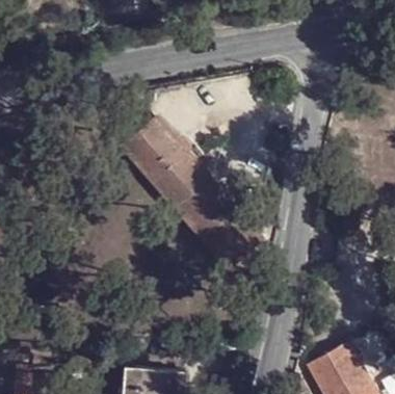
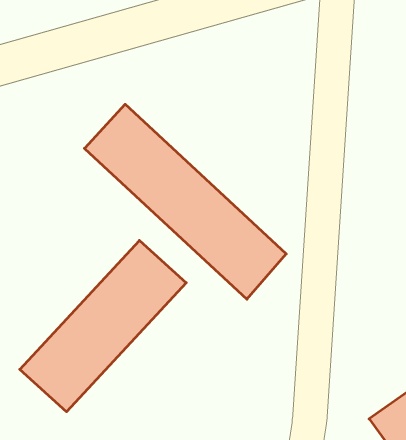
building: none -> [20,240,186,412]

